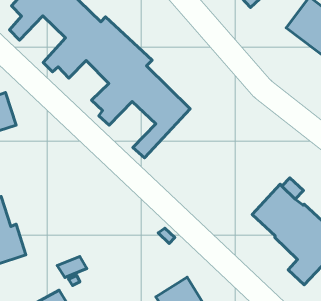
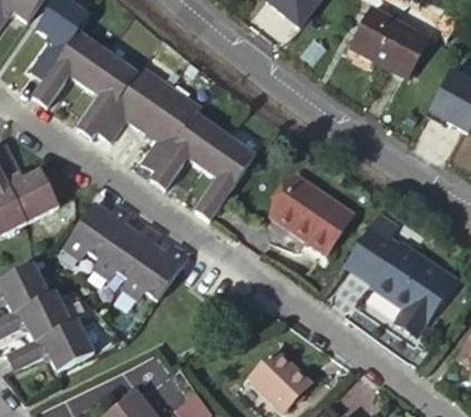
building: none -> [63,202,188,299]
building: none -> [273,177,352,253]

